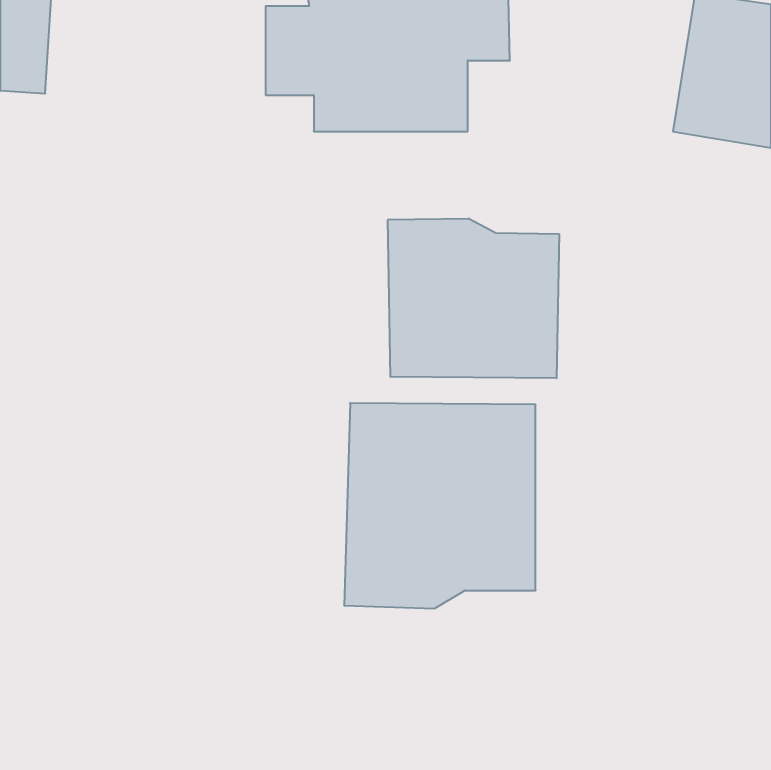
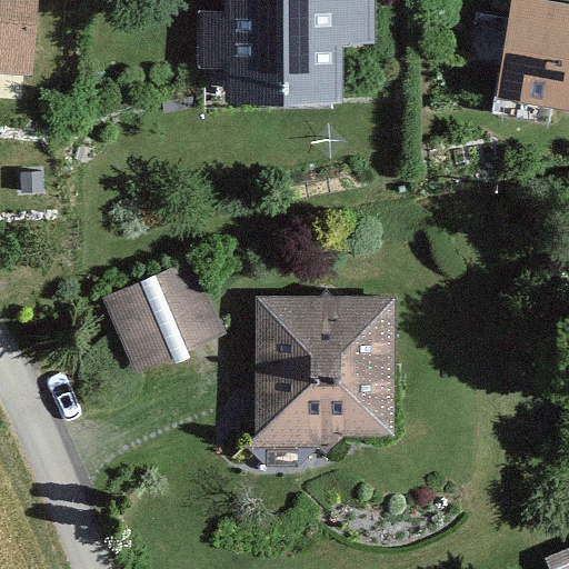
building: [388,218,559,378] -> none
building: none -> [101,259,226,372]

